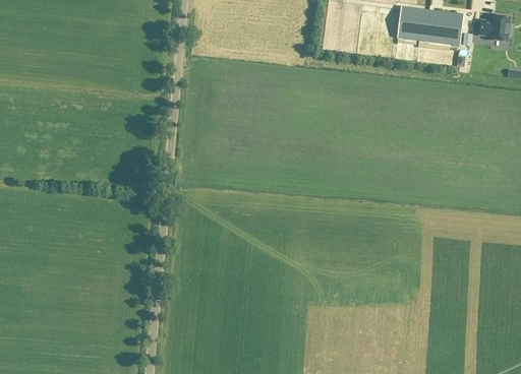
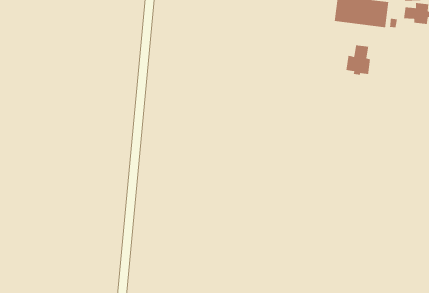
building: none -> [346,44,371,76]

